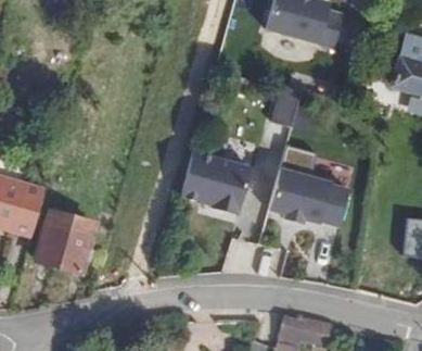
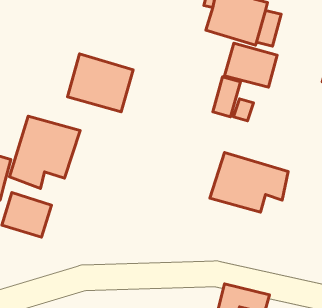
building: none -> [225,43,277,87]
building: none -> [10,116,80,189]
building: [178,155,250,218] -> [68,54,133,112]

